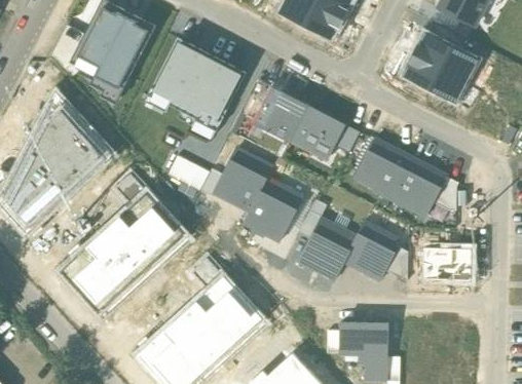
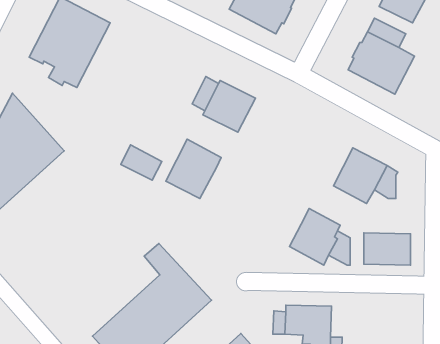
building: [148,37,247,129] -> none
building: [290,105,346,160] -> none
building: [355,139,411,197] -> none
building: [60,174,185,312] -> none
building: [244,178,303,241] -> none
building: [298,218,357,278] -> none

